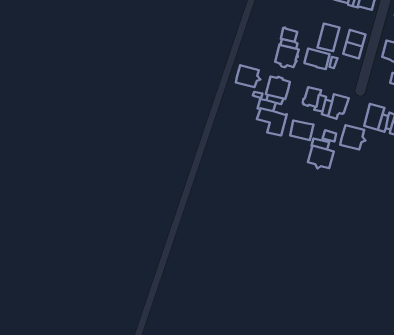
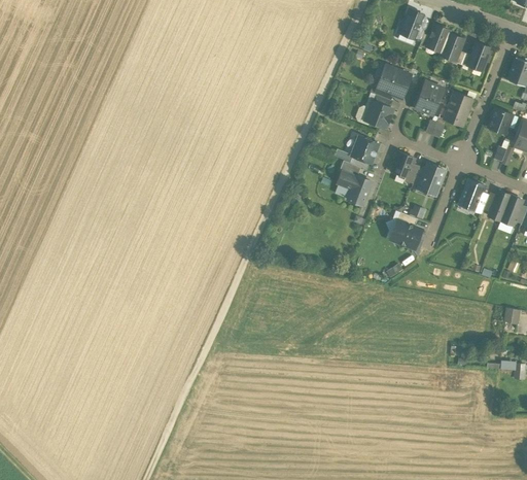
building: [304,48,330,69] -> [380,66,410,92]
building: [236,65,260,87] -> none
building: [290,121,314,140] -> none
building: [340,125,365,150] -> none

